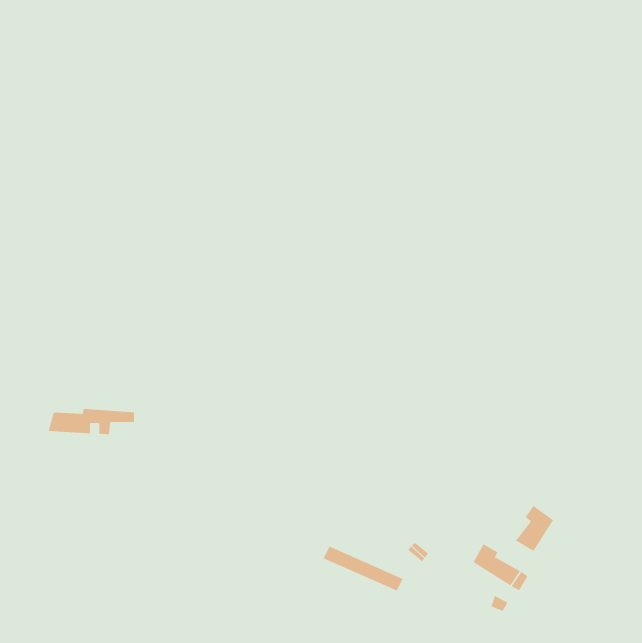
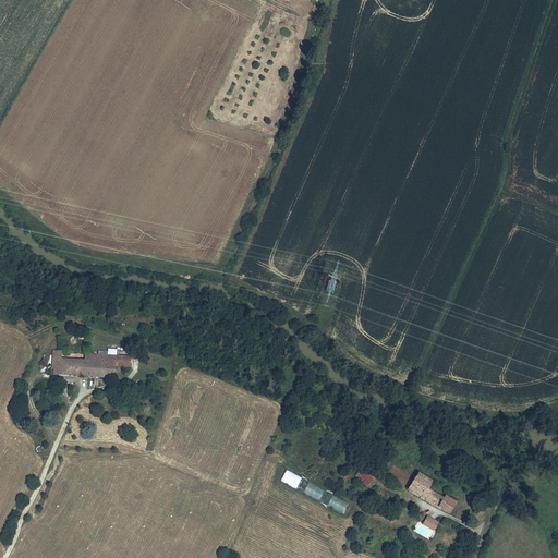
building: [515,505,554,552] -> none

